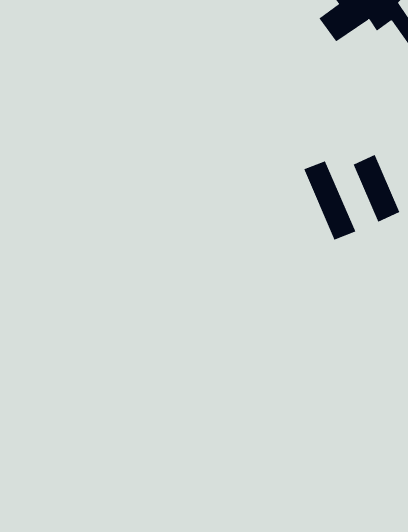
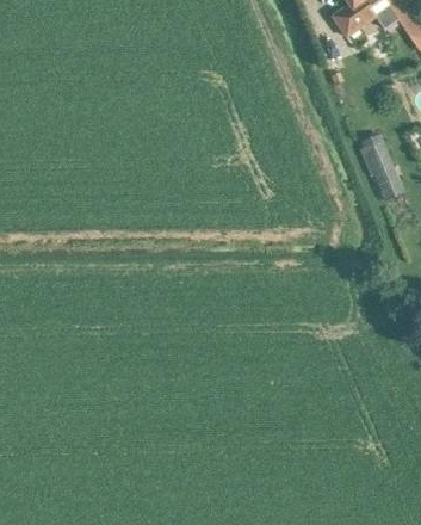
building: [303,160,356,240] -> none

